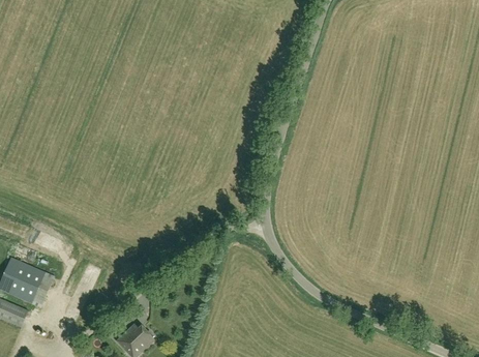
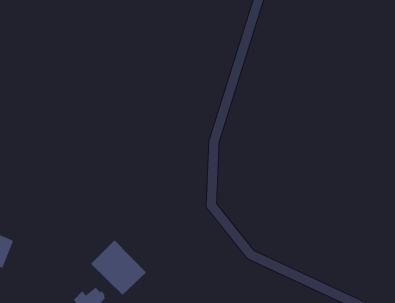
building: none -> [90,240,147,296]

